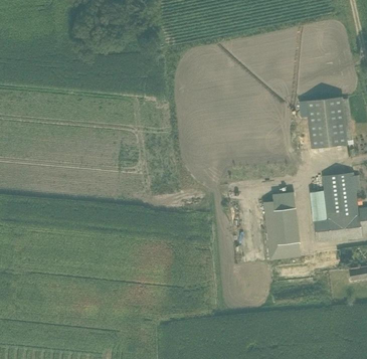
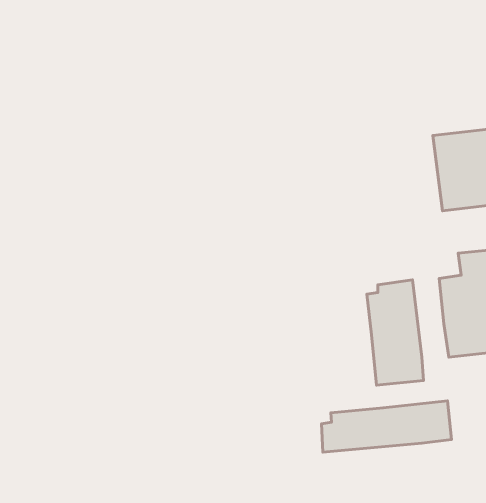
building: none -> [321,401,452,452]

